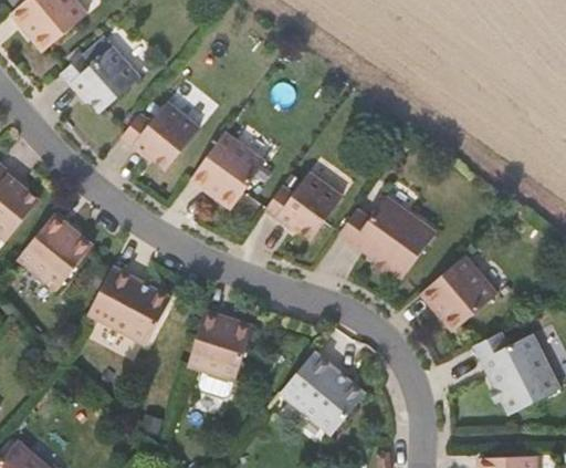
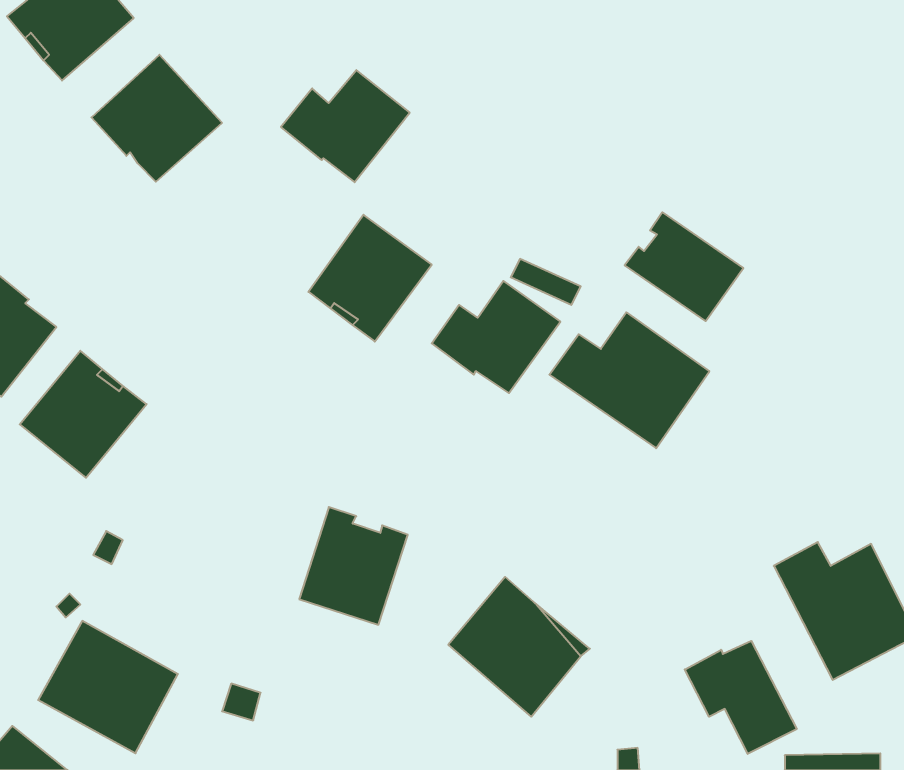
building: [123,103,200,170] -> [281,70,410,182]
building: none -> [625,212,743,321]
building: [419,252,495,327] -> none
building: [88,267,172,346] -> [38,621,178,753]
building: none -> [685,641,797,754]

